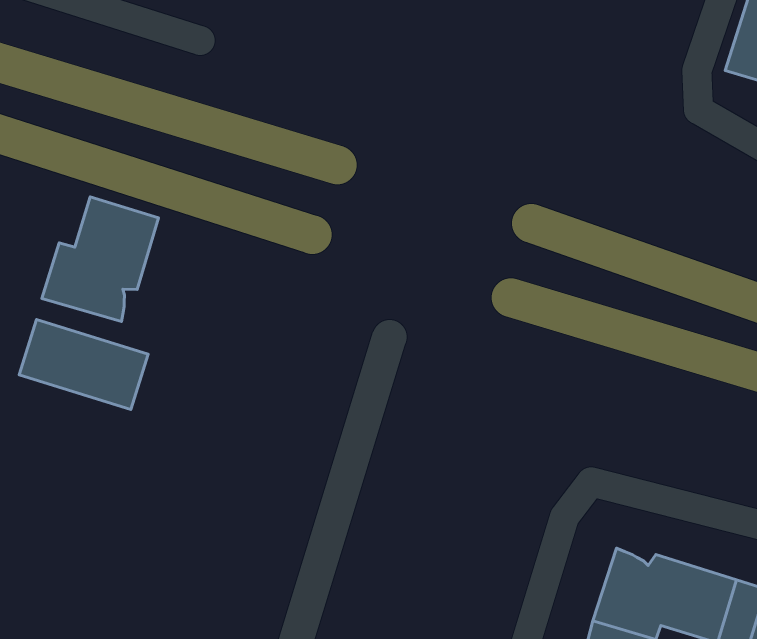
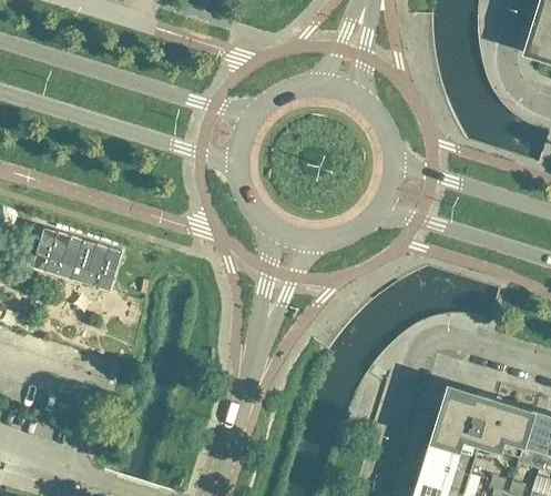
building: [42,197,158,321] -> none

